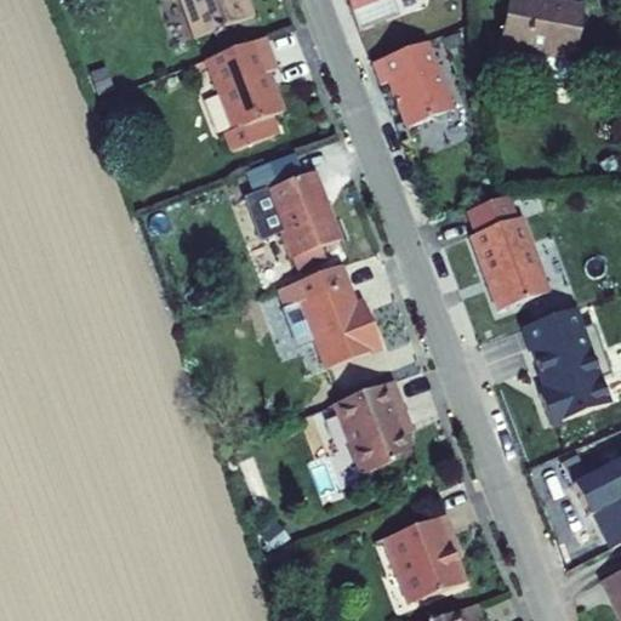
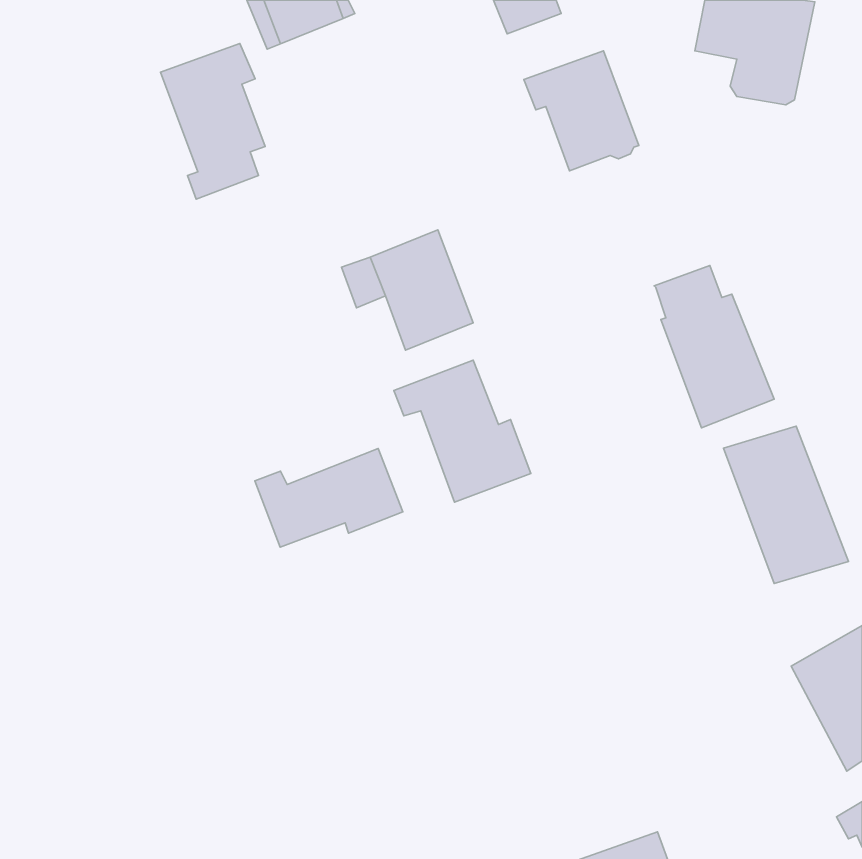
building: [205,36,280,148] -> [161,43,265,199]
building: none -> [255,449,403,547]
building: [335,376,412,471] -> none
building: [382,509,463,600] -> none

